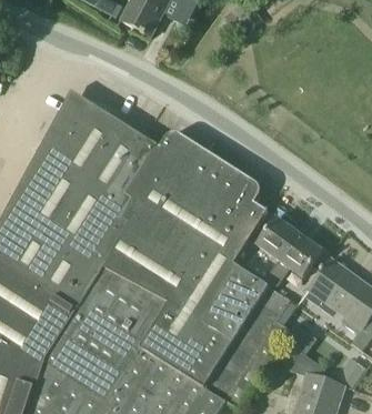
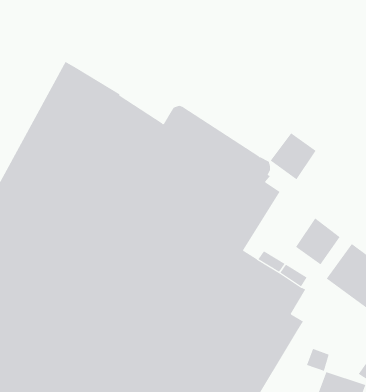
building: [255,218,298,261] -> [270,133,317,180]

